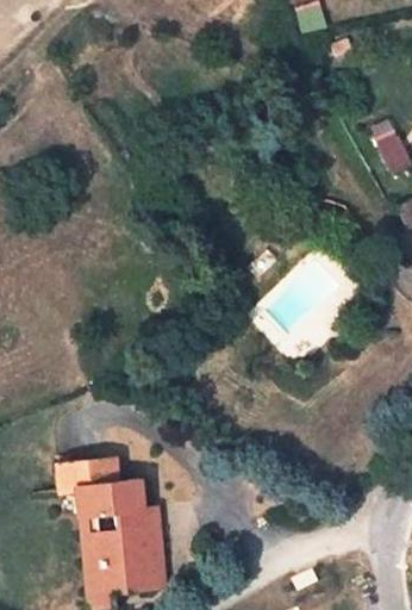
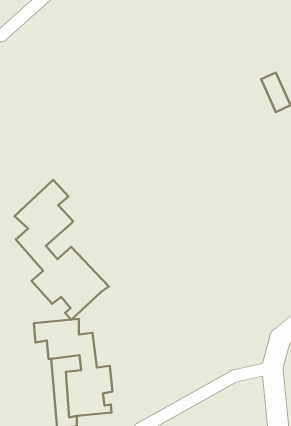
building: none -> [14,180,109,320]

